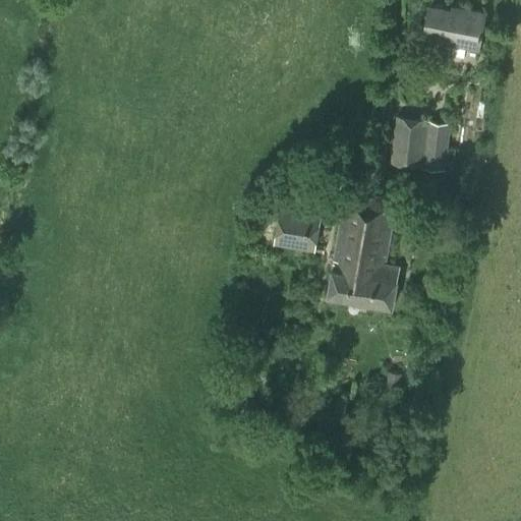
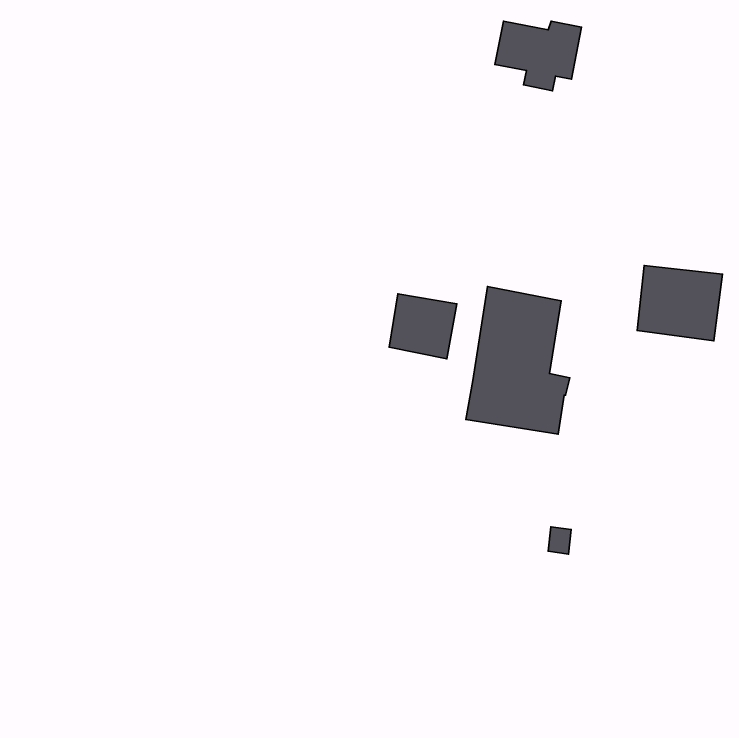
building: [423,8,484,57] -> [495,21,581,91]
building: [391,117,451,170] -> [637,265,722,341]

